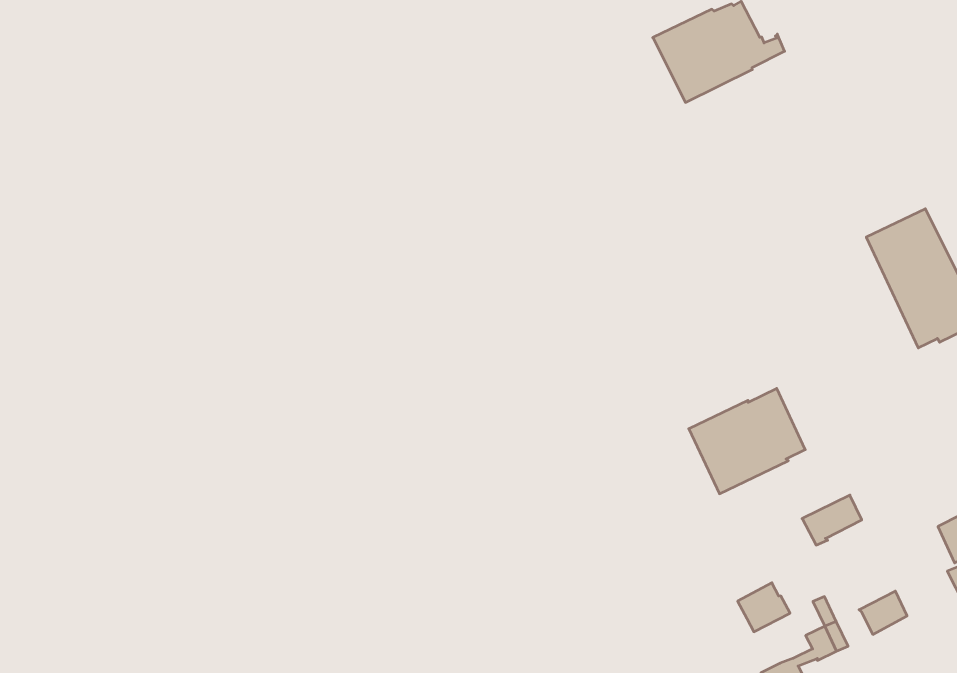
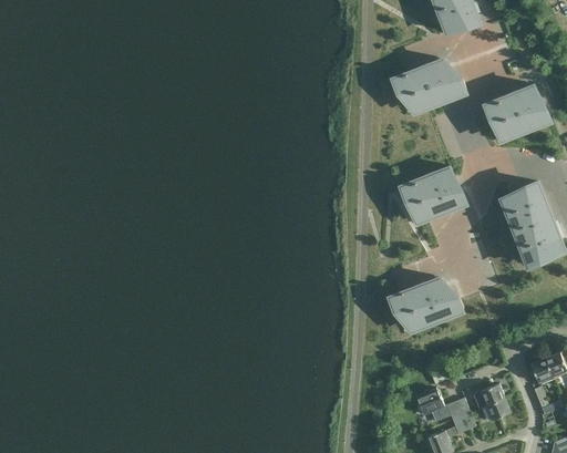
building: none -> [484,85,547,141]
building: none -> [404,169,468,226]
building: [802,495,862,545] -> [471,382,504,409]

